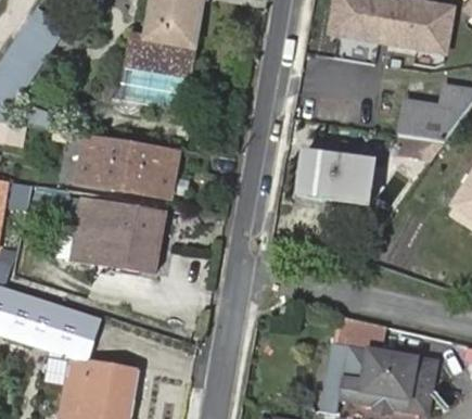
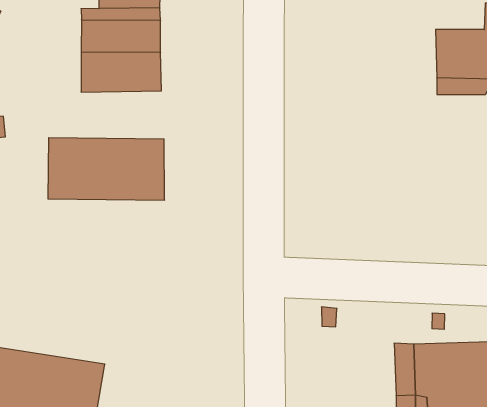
building: [303,154,373,202] -> none
building: [61,195,166,271] -> none

